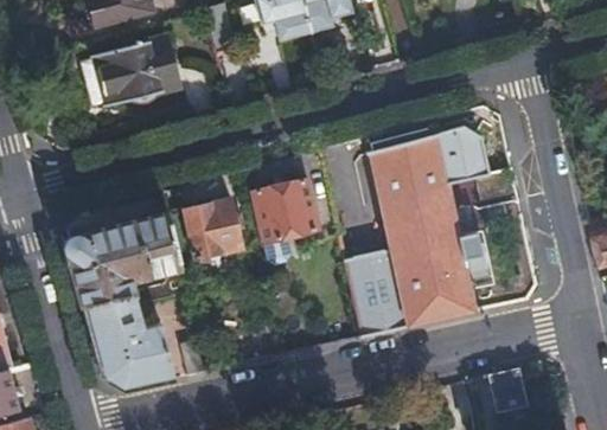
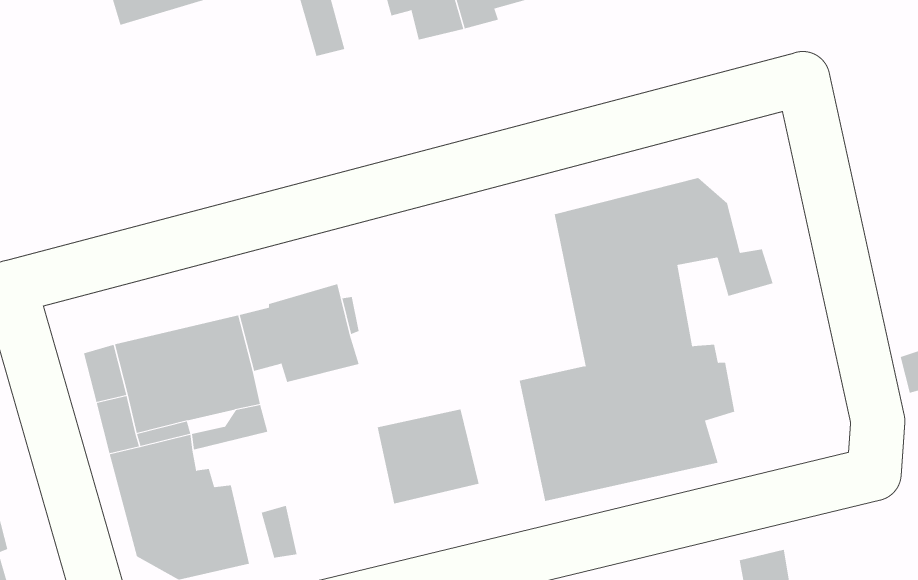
building: [92,36,177,103] -> none
building: [254,178,320,239] -> [377,409,480,504]

